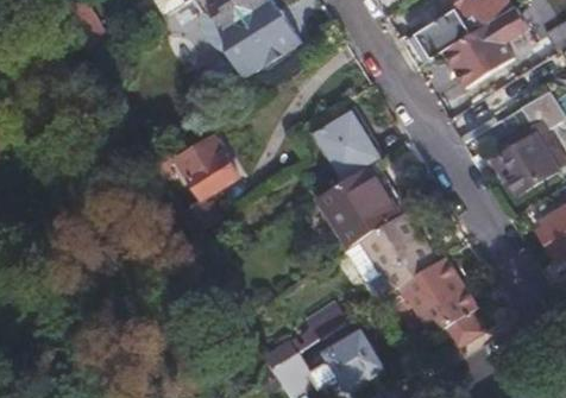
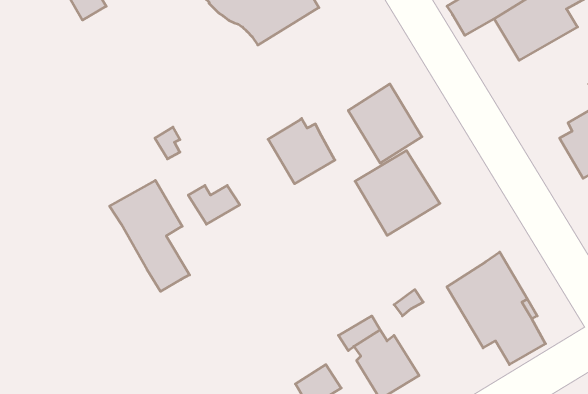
building: [178,139,235,195] -> [268,118,335,184]
building: none -> [110,180,190,291]
building: [360,211,435,288] -> none

